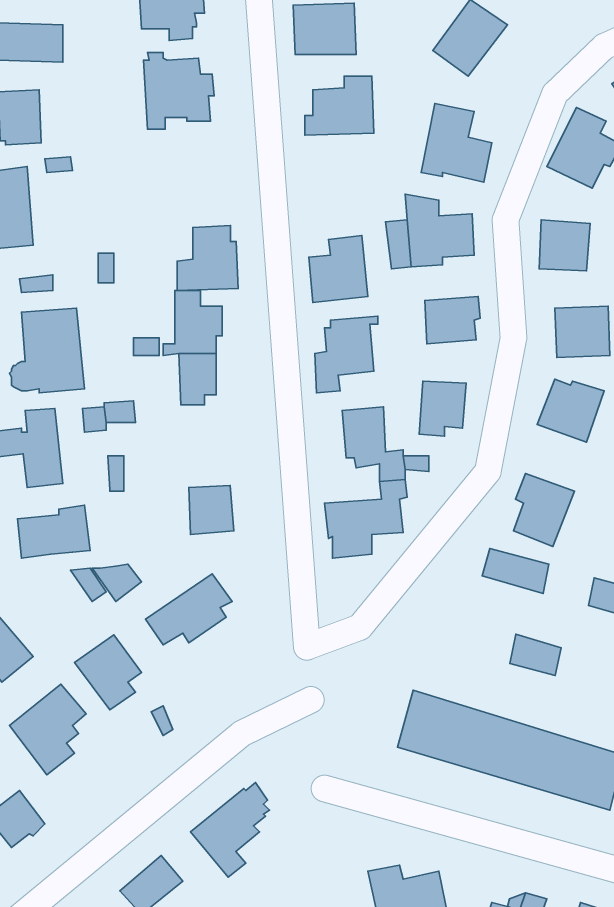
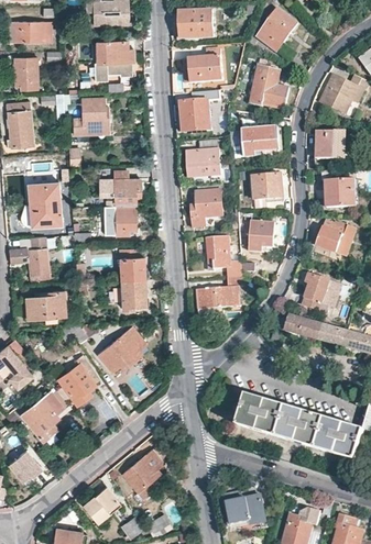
building: none -> [181,99,212,132]
building: [177,226,238,291] -> [75,98,109,134]
building: none -> [120,247,144,280]
building: [510,634,561,675] -> [319,323,348,346]

